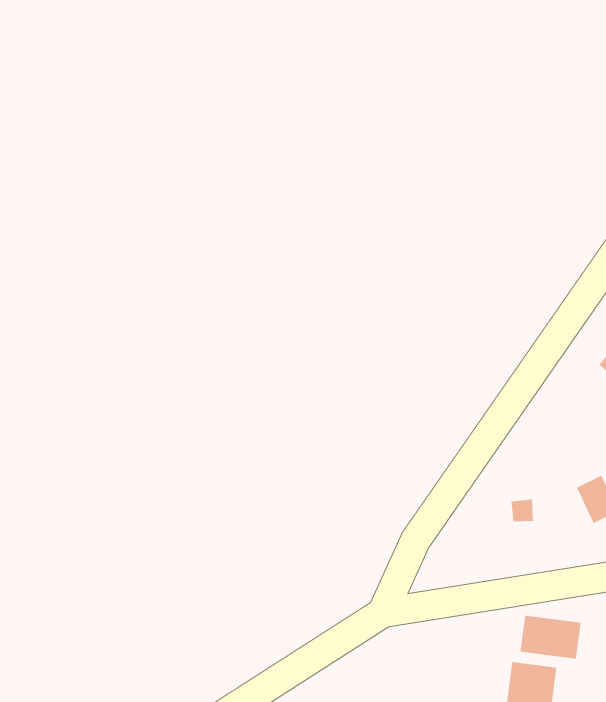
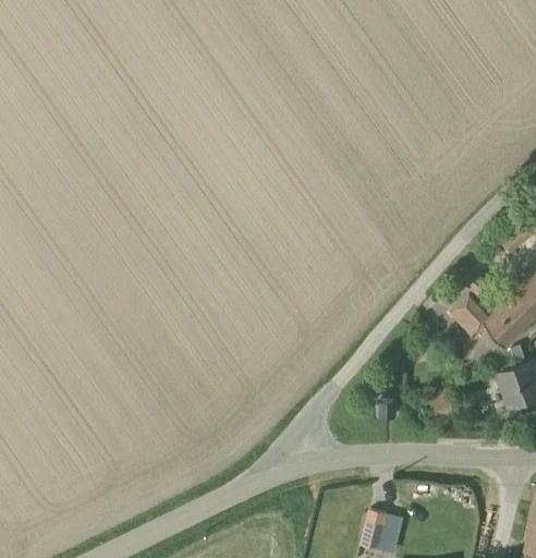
building: [520,615,581,659] -> none

